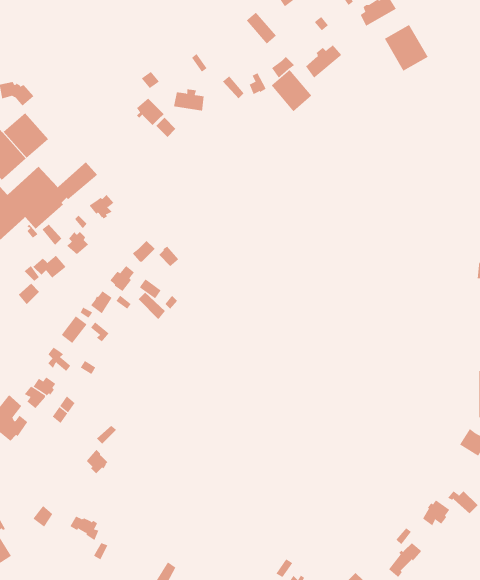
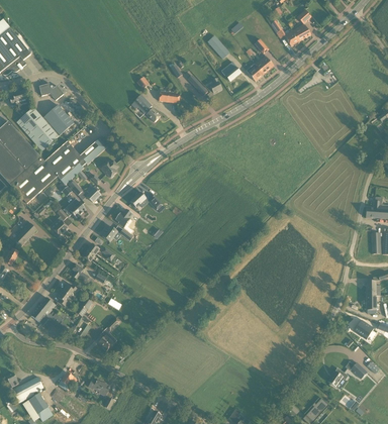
building: [384,24,428,72] -> none
building: [271,69,312,112] -> none

